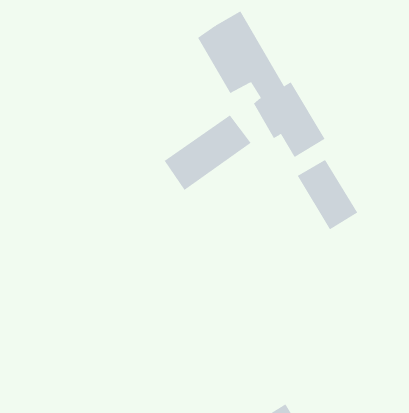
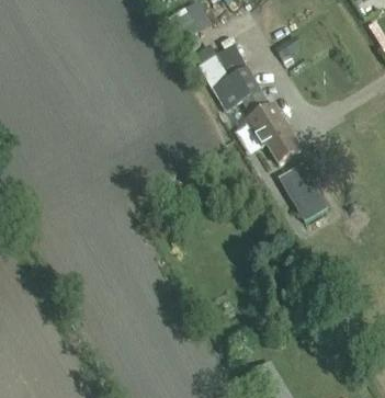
building: [164,114,251,191] -> none

